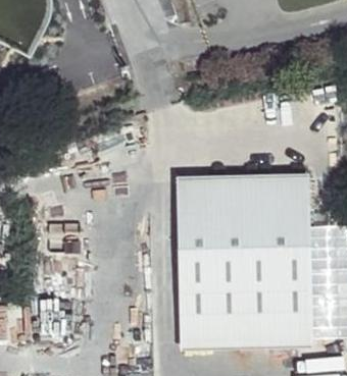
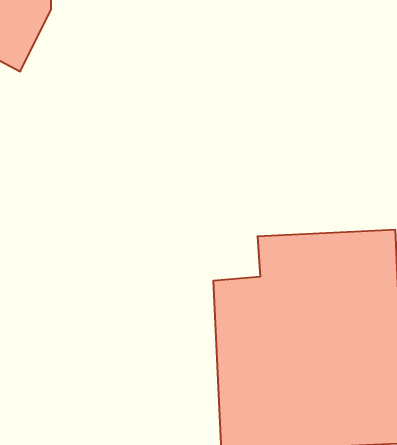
building: [175,180,211,214] -> none

